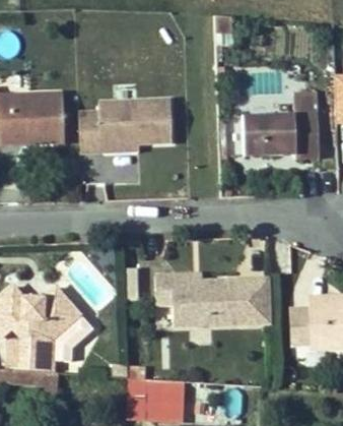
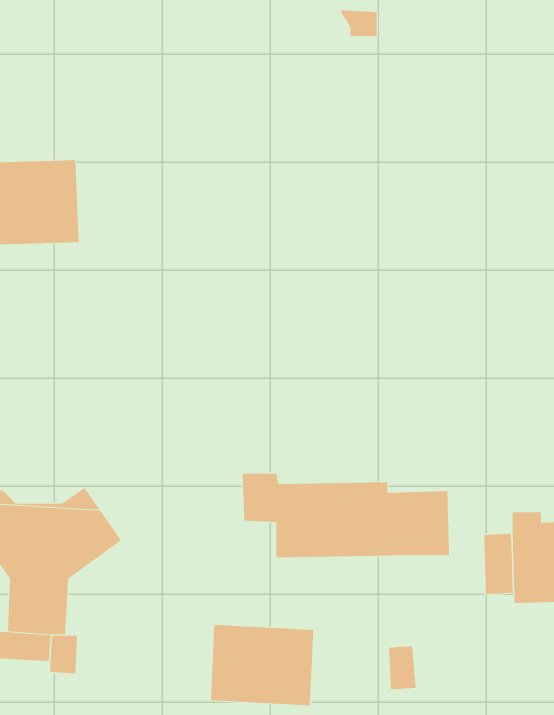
building: [71,99,162,150] -> none
building: [237,115,316,164] -> none
building: [51,313,92,356] -> none

